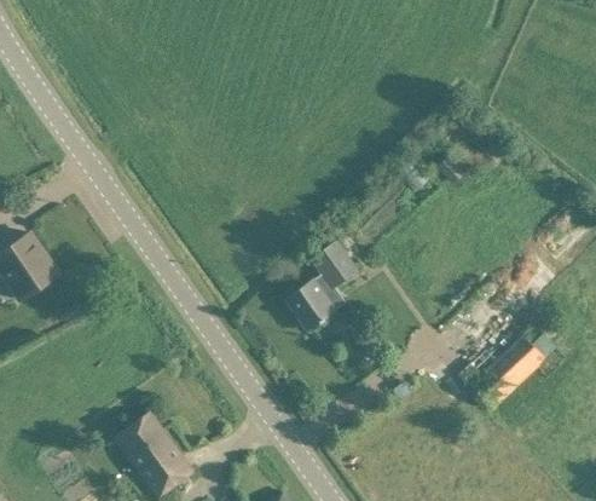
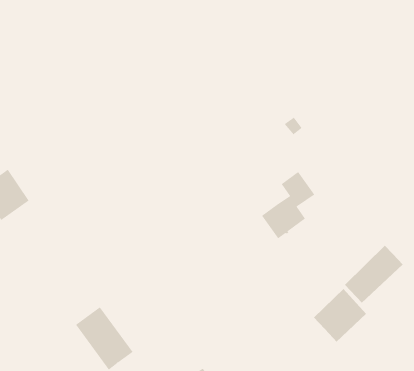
building: [287,241,357,329] -> [261,171,315,239]
building: none -> [313,288,367,342]

